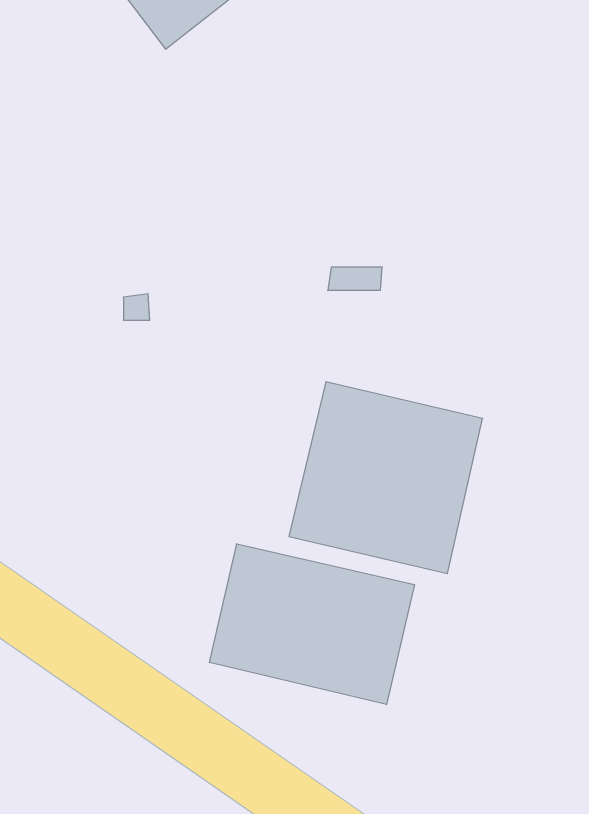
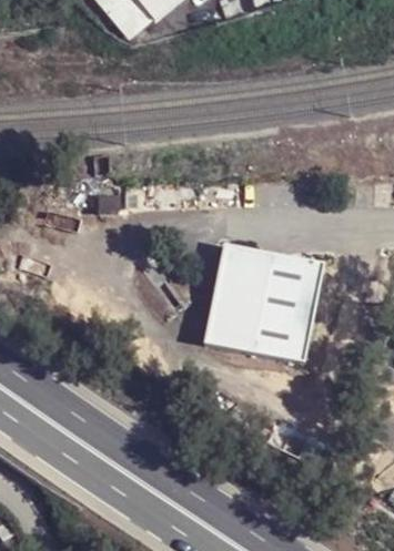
building: [210,544,415,705] -> none

